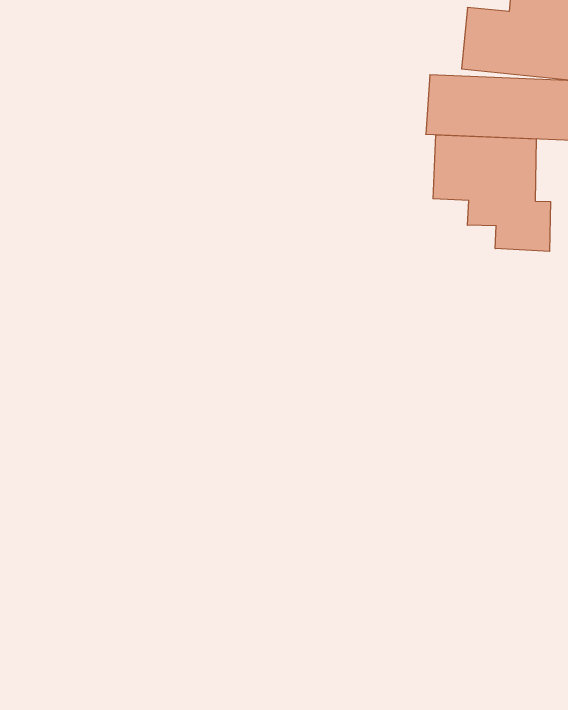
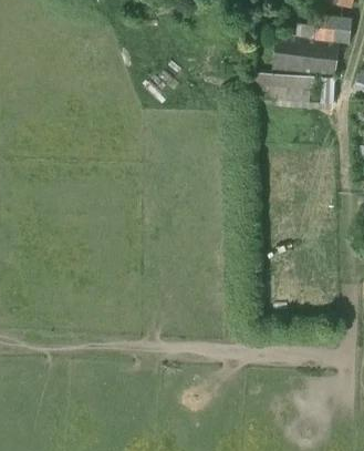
building: [433,135,551,251] -> none

